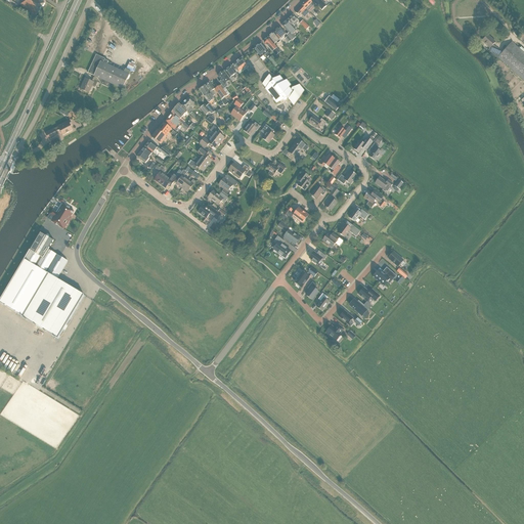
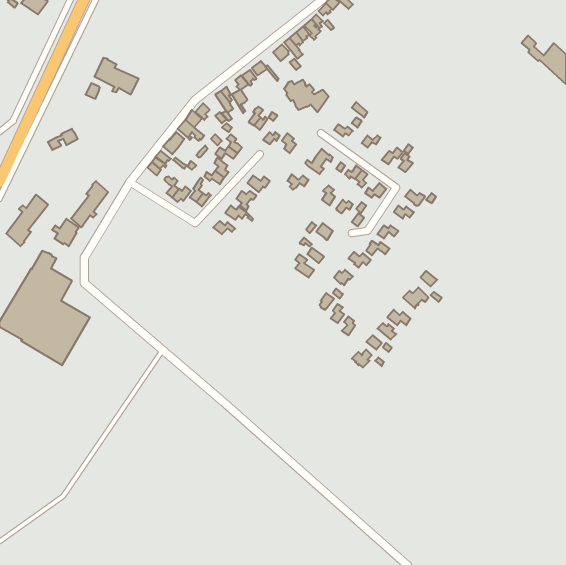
building: none -> [71,181,108,227]
building: none -> [6,195,48,246]

